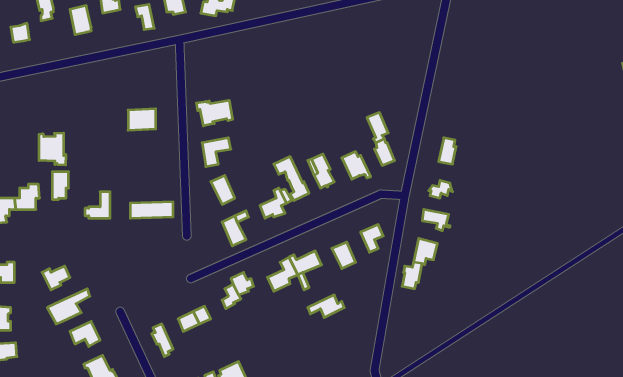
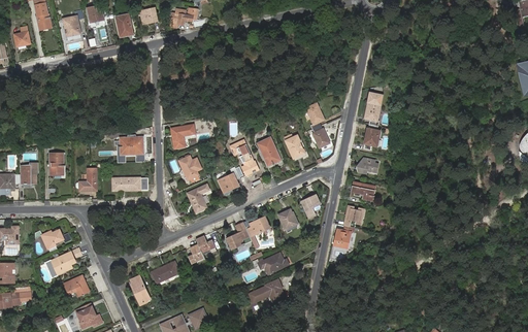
building: none -> [365,92,382,126]
building: [196,100,233,126] -> none
building: [128,109,156,130] -> [120,136,142,154]
building: [39,133,66,165] -> none
building: none -> [250,279,284,302]

